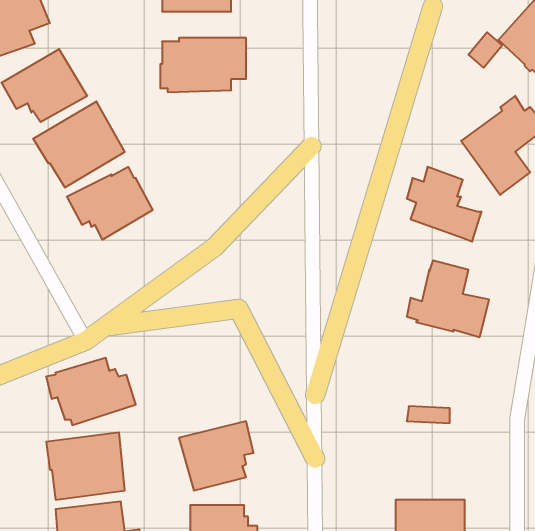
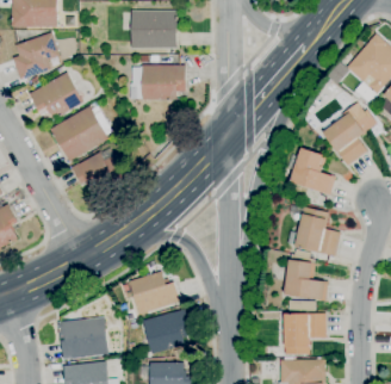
building: none -> [284,253,327,301]
building: [46,358,136,425] -> [123,271,180,314]
building: none -> [284,312,325,354]

